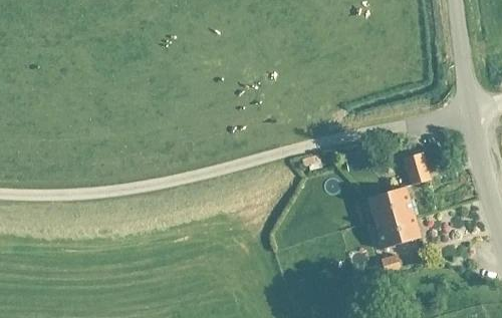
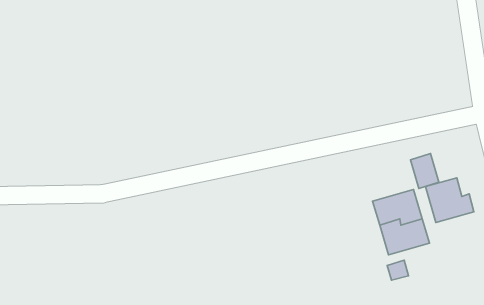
building: none -> [425,178,474,223]

